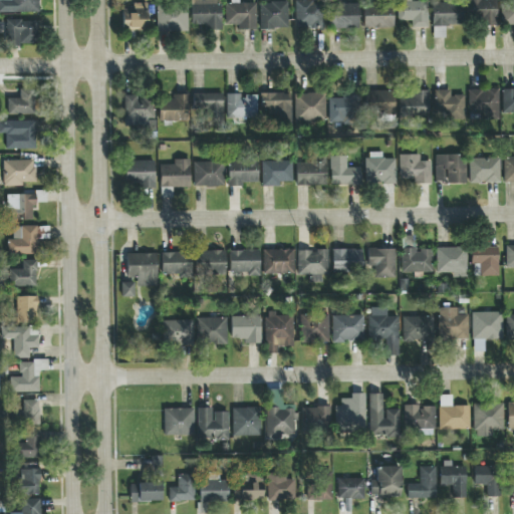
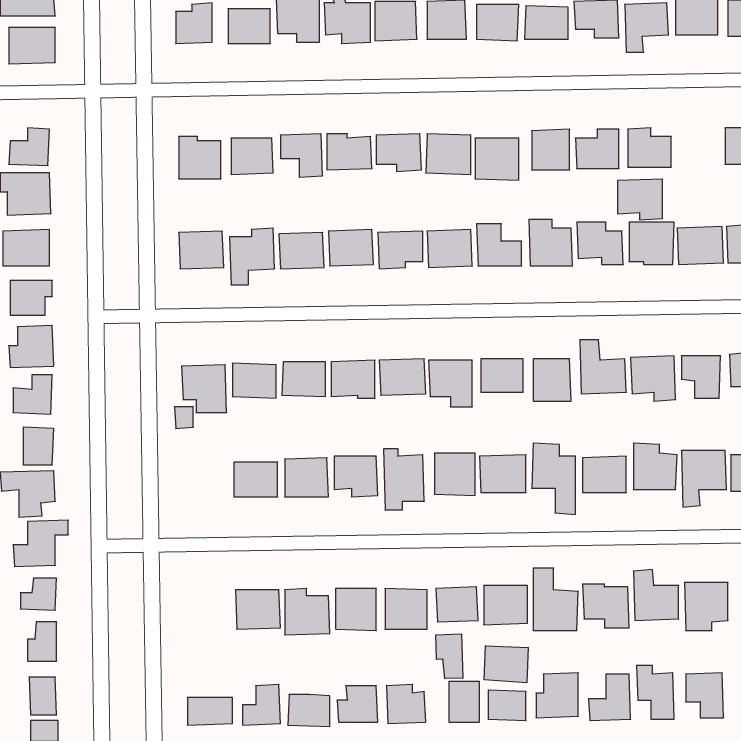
building: [468,87,499,115] -> [618,179,663,220]
building: none -> [436,634,463,679]
building: none -> [484,646,528,683]

